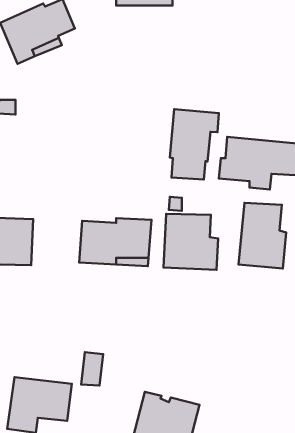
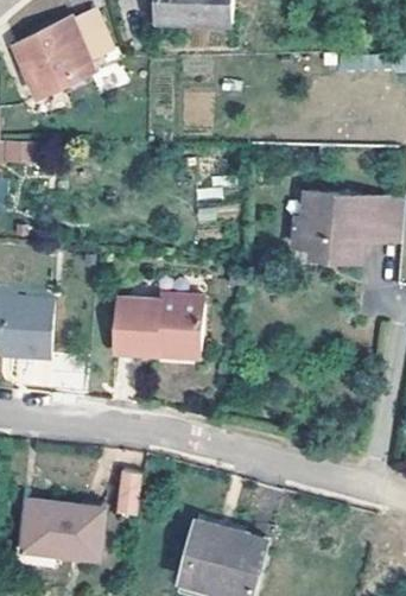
building: [170,109,219,180] -> none
building: [239,203,286,268] -> none
building: [164,214,218,270] -> none

